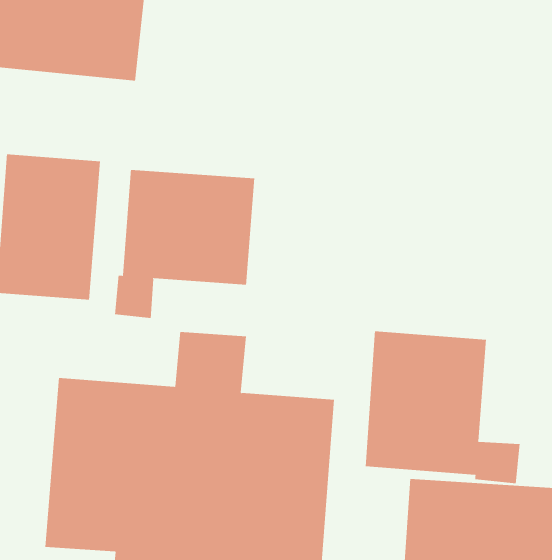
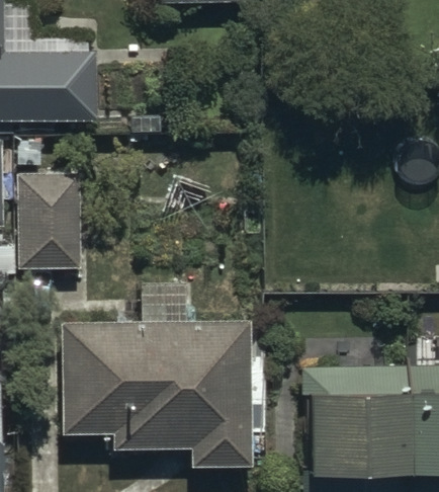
building: [114,169,255,319] -> none
building: [365,330,520,484] -> none

